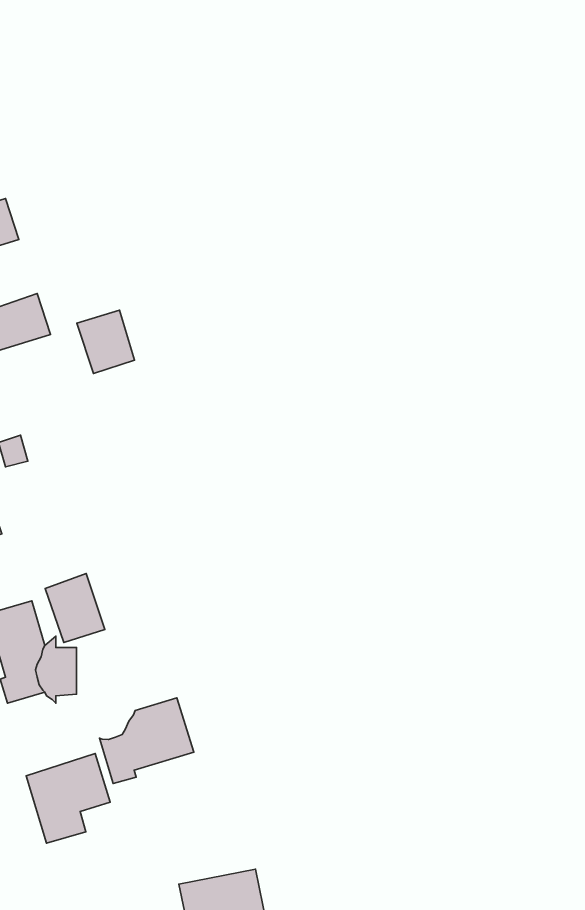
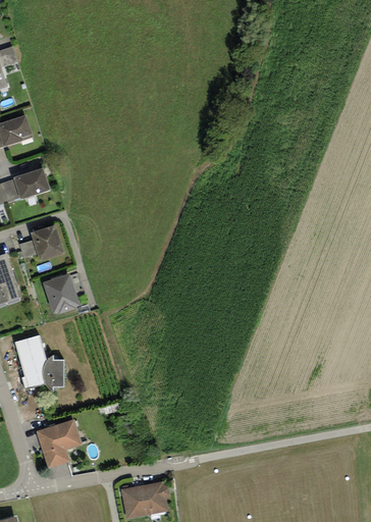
building: [77,310,135,373] -> [34,227,65,262]
building: [45,573,105,642] -> [48,276,81,314]
building: [100,698,194,784] -> none

